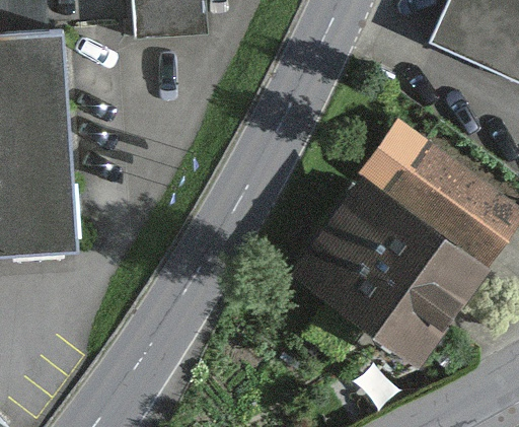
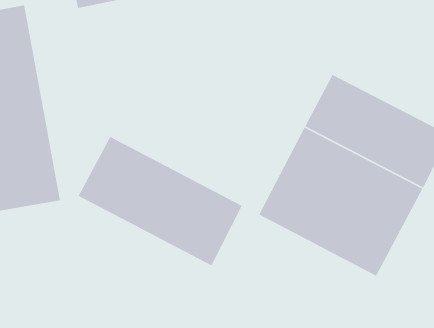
building: none -> [77,136,243,267]

